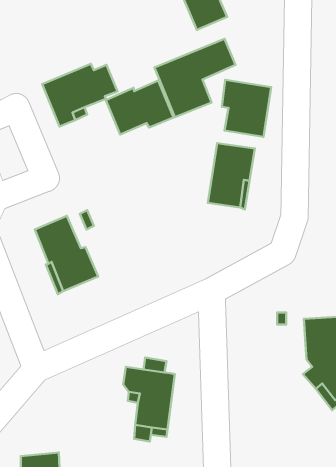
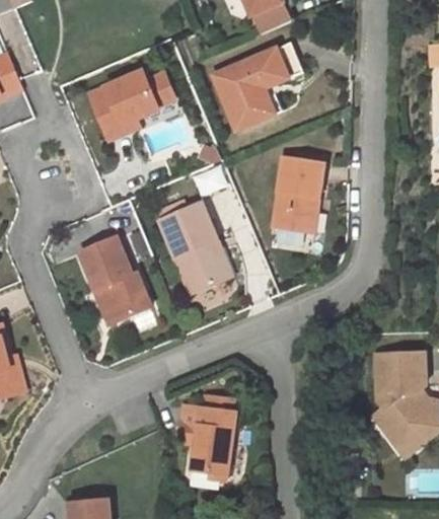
building: [222,80,271,137] -> none
building: [106,80,174,134] -> none
building: none -> [160,203,227,292]

